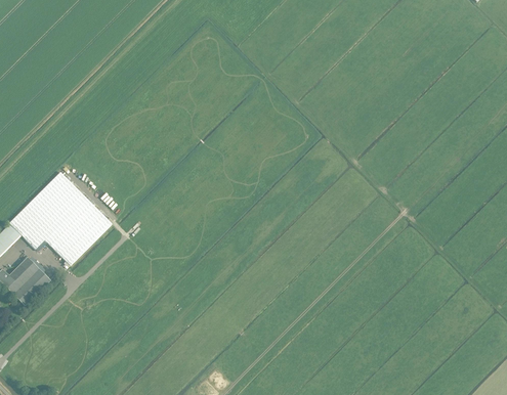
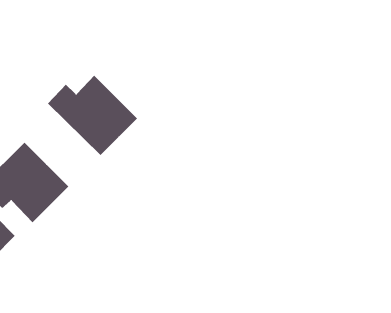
building: none -> [47,75,138,156]

